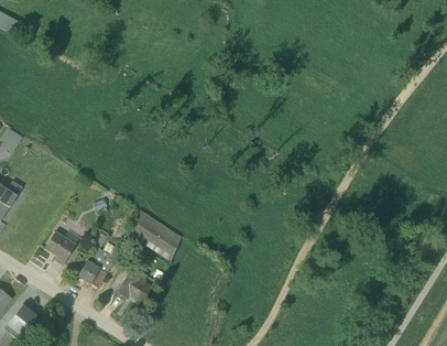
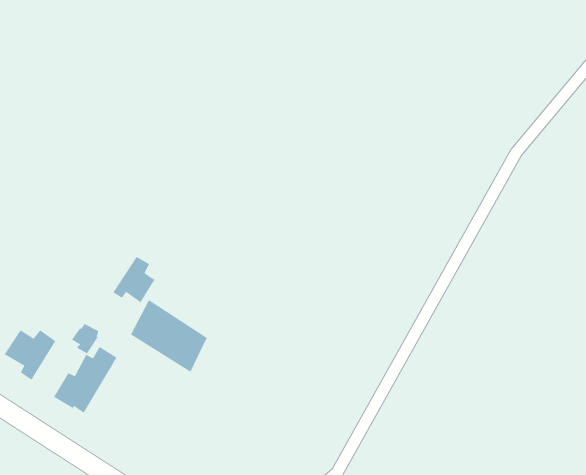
building: none -> [112,256,155,303]
building: [118,264,152,301] -> none

